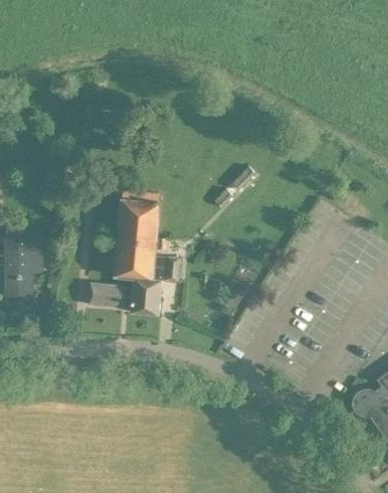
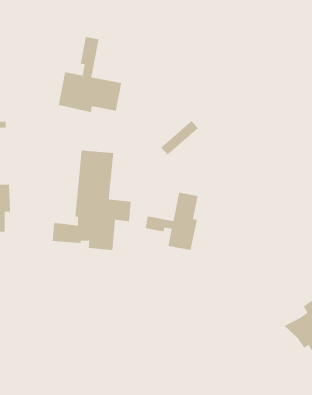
building: none -> [58,36,122,113]
building: none -> [145,192,198,251]

